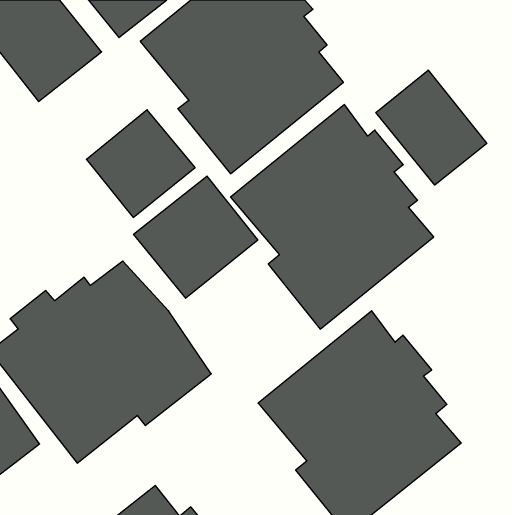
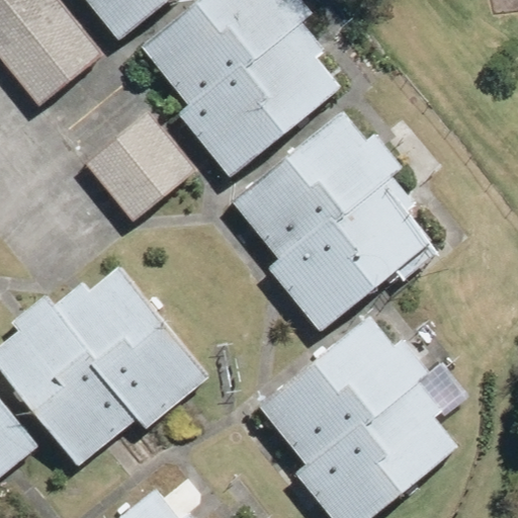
building: [376,70,487,185] -> none
building: [134,176,258,298] -> none

